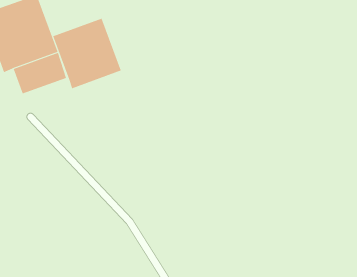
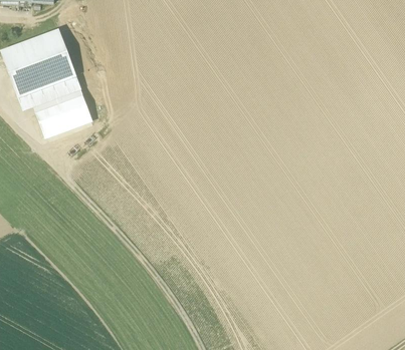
building: [53,18,122,89] -> none

